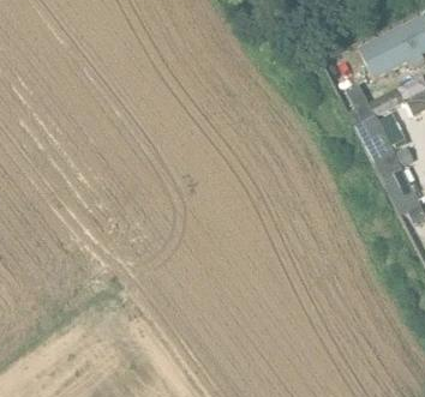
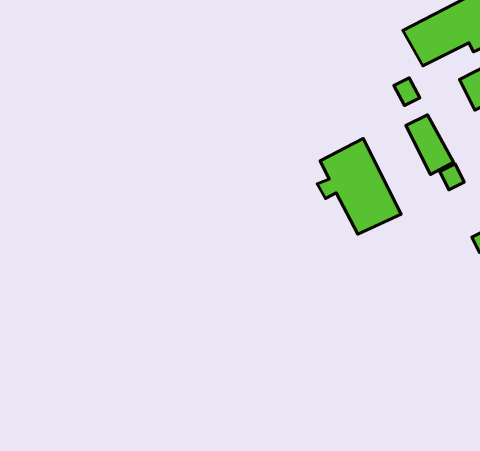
building: none -> [317,139,401,234]

